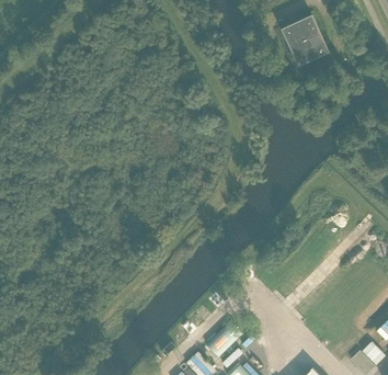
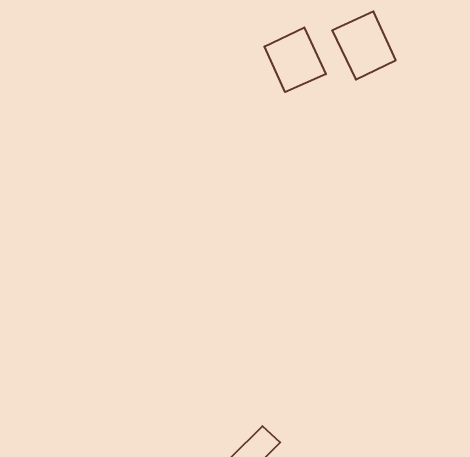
building: none -> [264,27,326,92]

